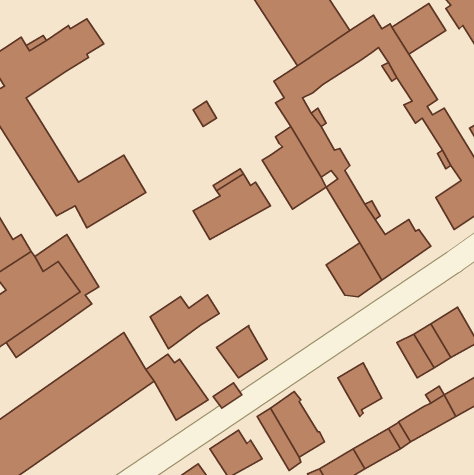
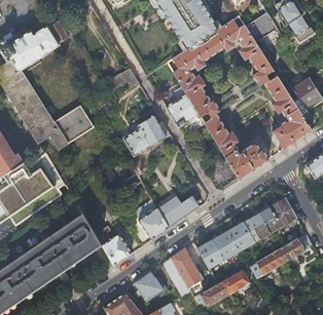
building: [150,295,219,349] -> [157,195,200,228]
building: none -> [227,218,260,251]
building: none -> [198,239,225,269]

